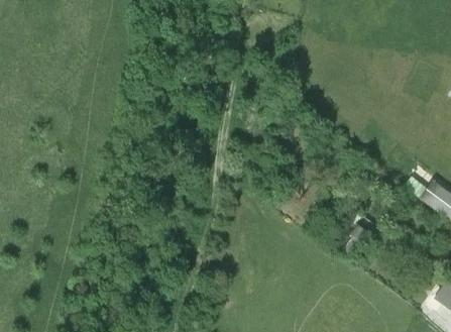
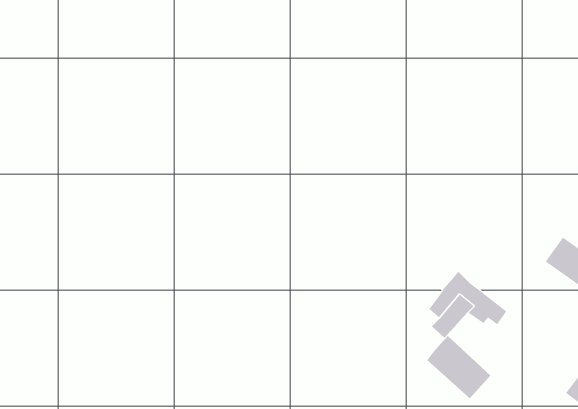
building: none -> [427,335,491,399]

